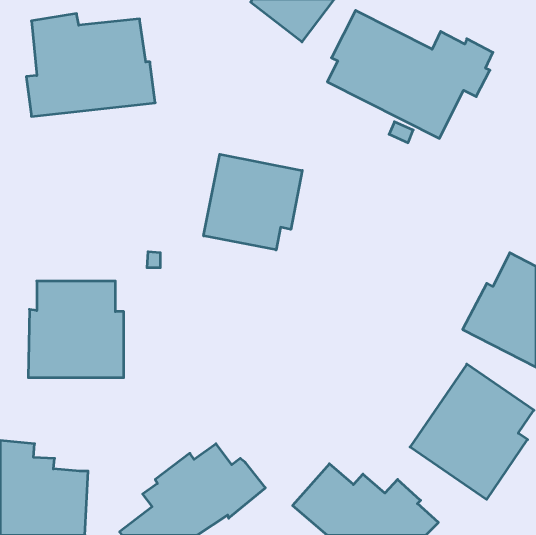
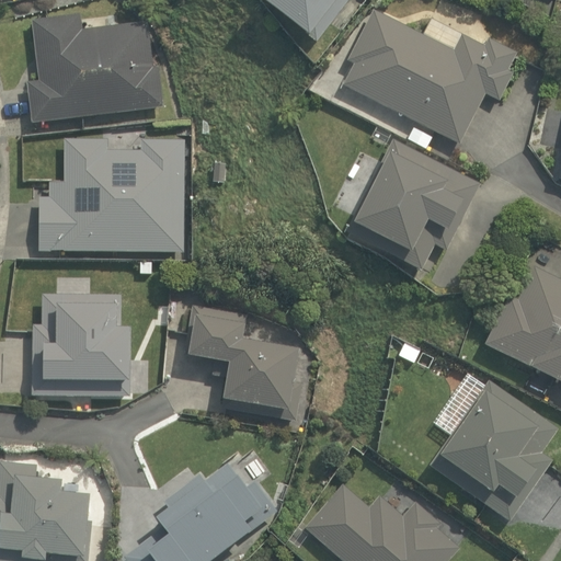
building: none -> [37,137,184,252]
building: none -> [345,138,481,271]
building: [204,154,302,250] -> none
building: none -> [184,305,302,422]

